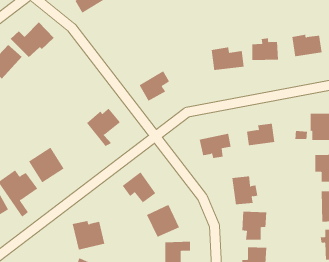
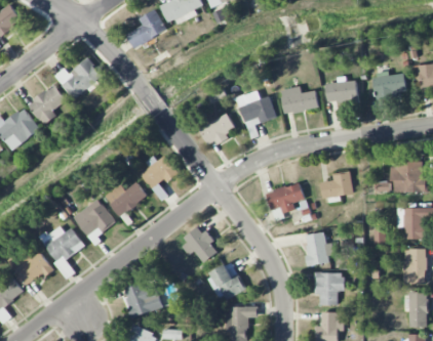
building: none -> [236,90,276,122]
building: none -> [105,181,148,216]

